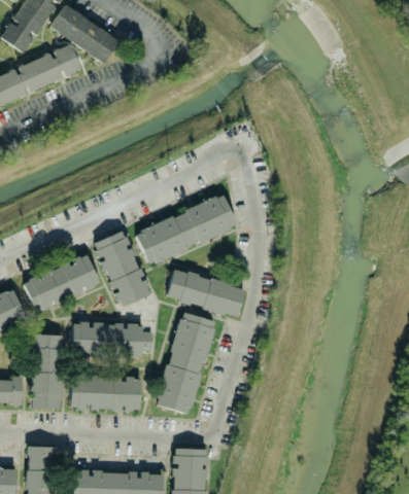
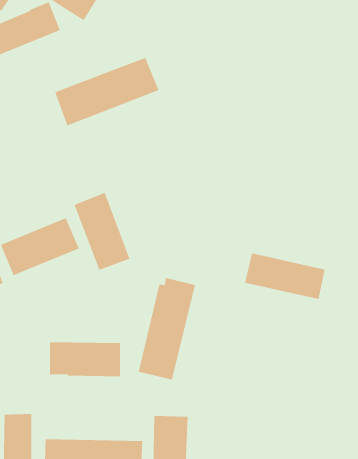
building: [135,196,238,263] -> [54,57,160,126]
building: [166,270,245,316] -> [244,252,325,300]
building: [73,323,152,358] -> none
building: [31,334,62,409] -> none

